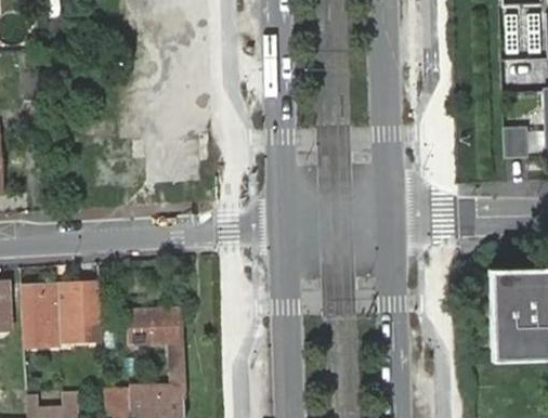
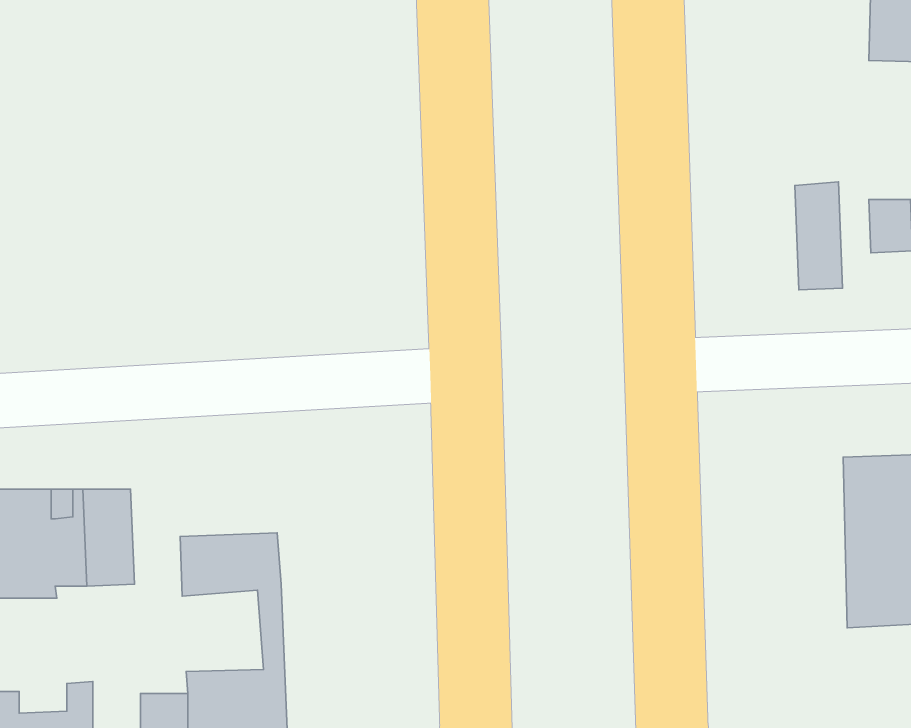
building: none -> [795,182,843,290]

